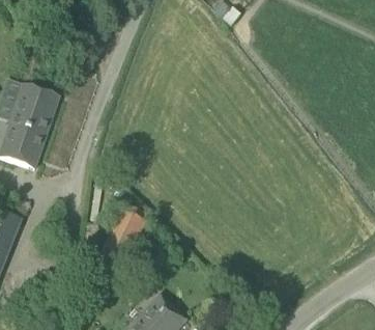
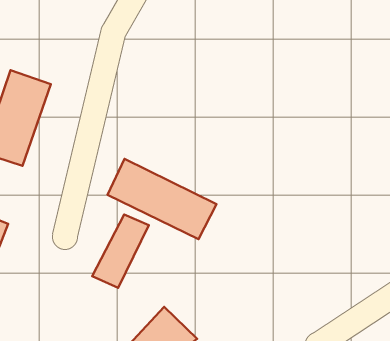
building: none -> [107,159,217,239]

